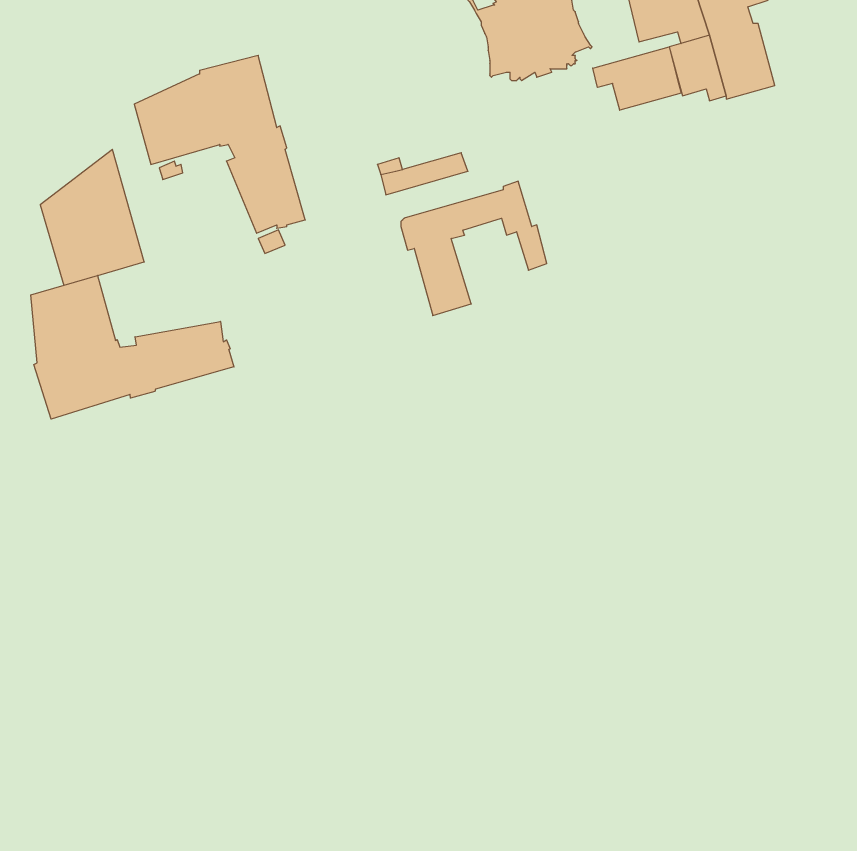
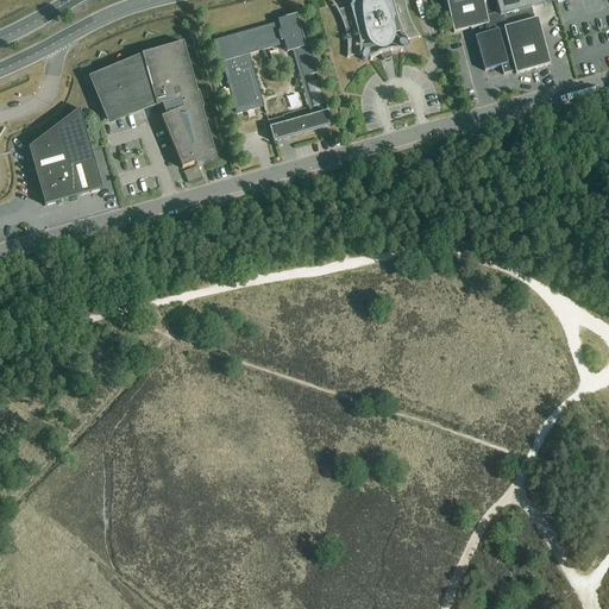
building: [593,47,681,110] -> none
building: [401,181,547,316] -> [213,11,316,106]
building: [31,275,234,419] -> none

